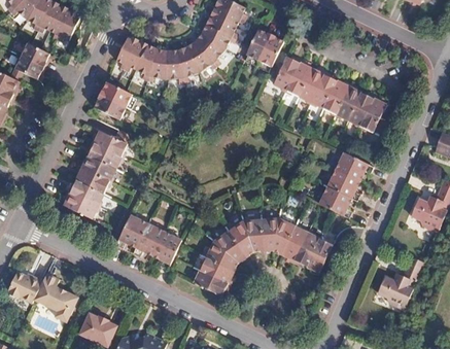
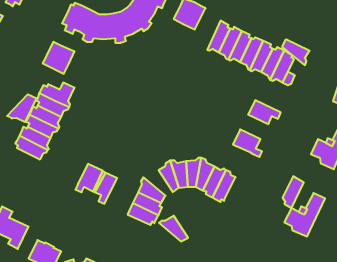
building: [274,54,302,92] -> none
building: none -> [282,39,310,65]
building: none -> [7,94,37,122]
building: [324,167,358,199] -> none
building: [116,216,147,249] -> none
building: [212,232,246,261] -> [159,216,188,241]
building: [307,240,332,277] -> [283,176,304,208]

